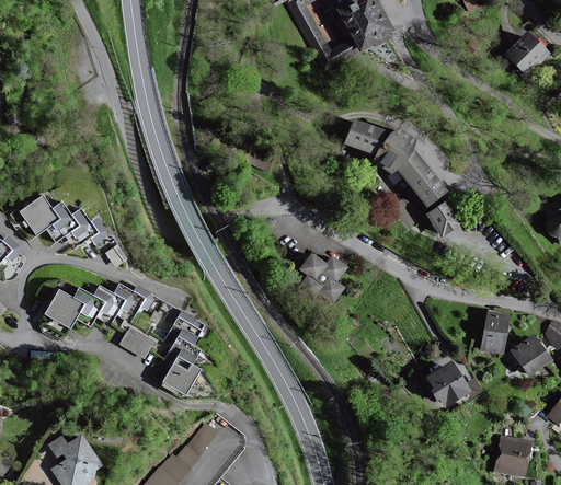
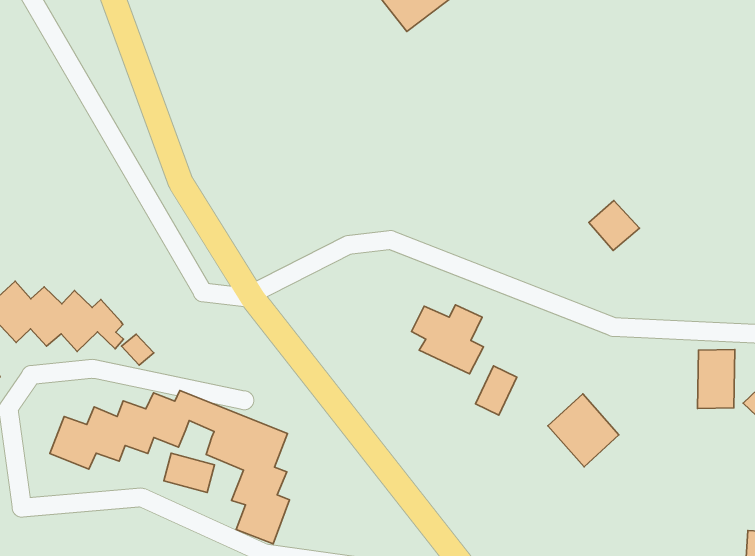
building: [343,120,446,210] -> none
building: none -> [475,366,517,415]
building: [424,359,470,407] -> [548,394,619,467]

